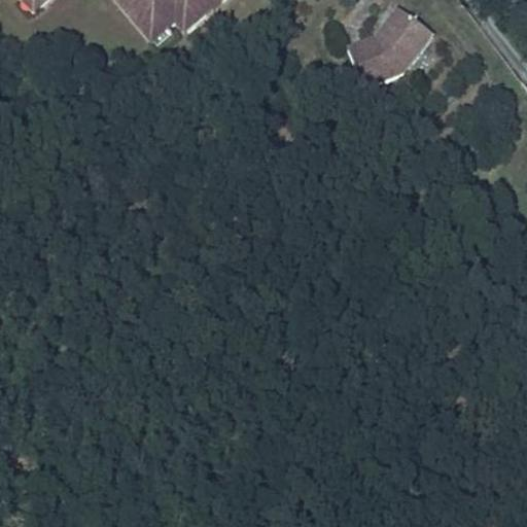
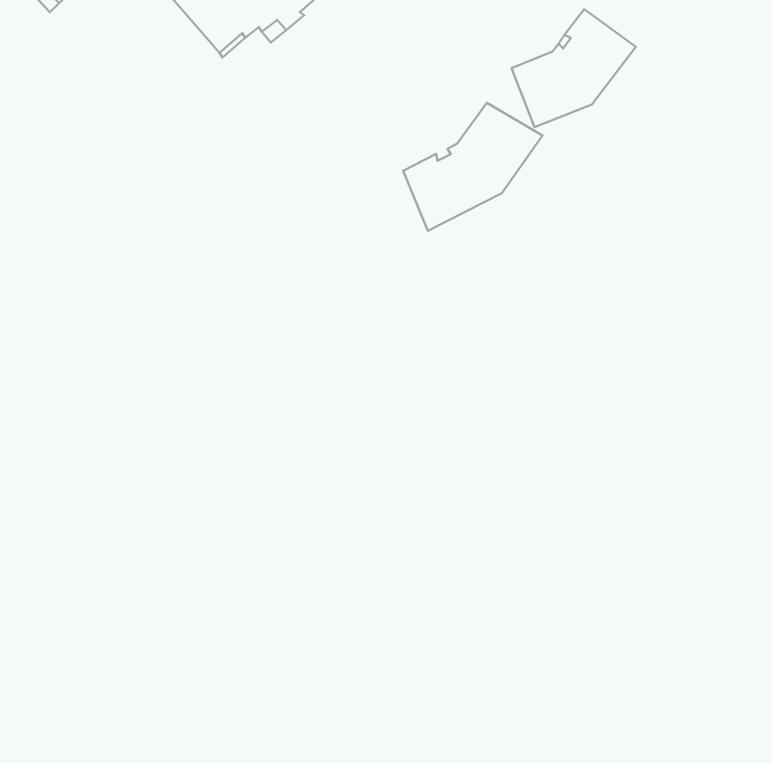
building: none -> [403,103,543,231]

